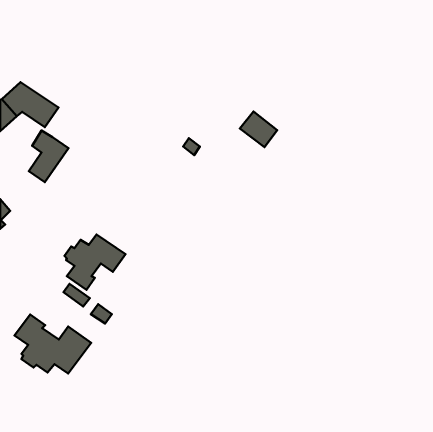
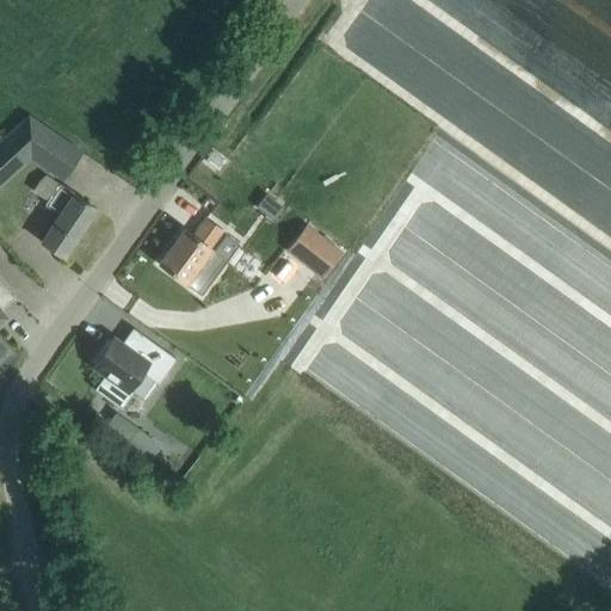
building: [240,112,277,147] -> [288,227,340,277]
building: none -> [160,220,227,296]
building: [15,314,91,373] -> none

